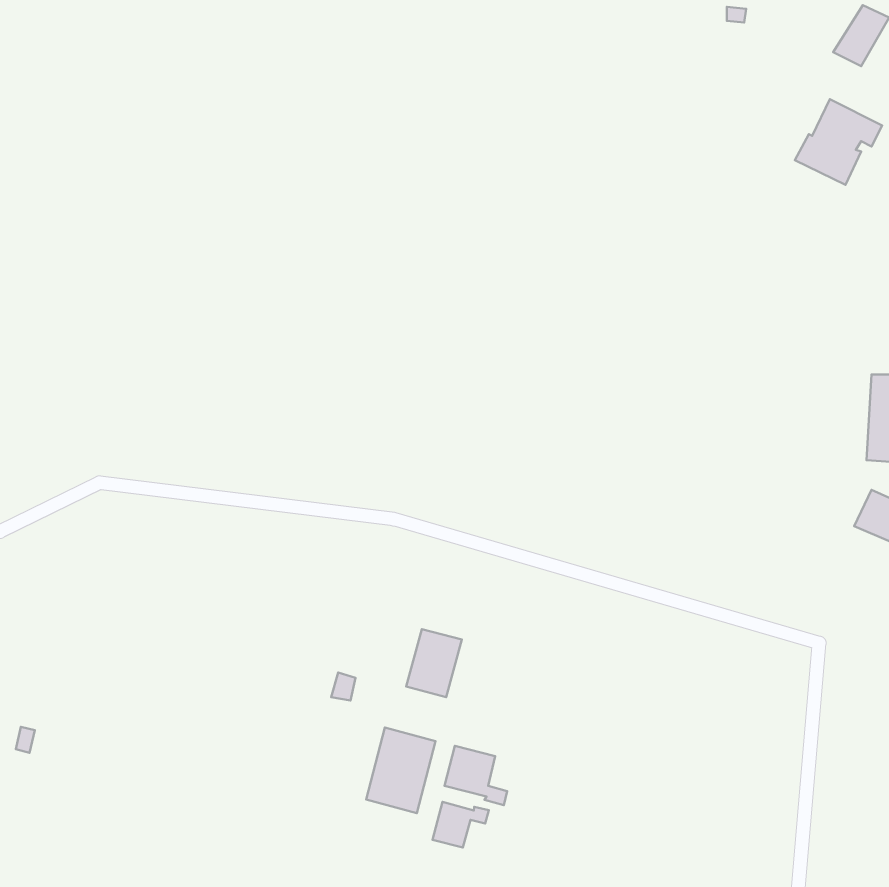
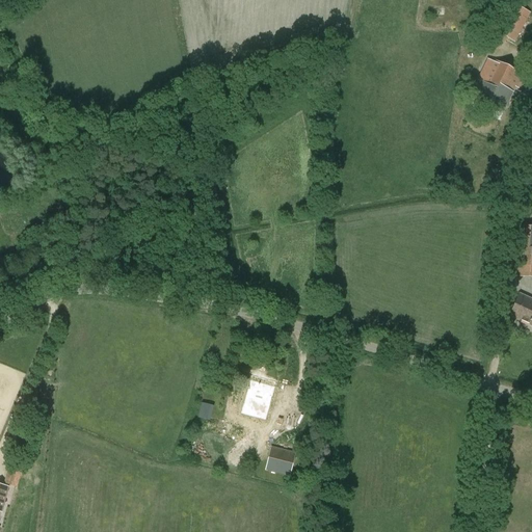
building: [366,727,436,813] -> none
building: [433,802,489,848] -> none

